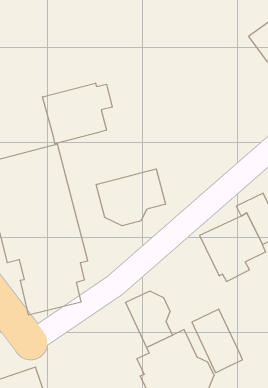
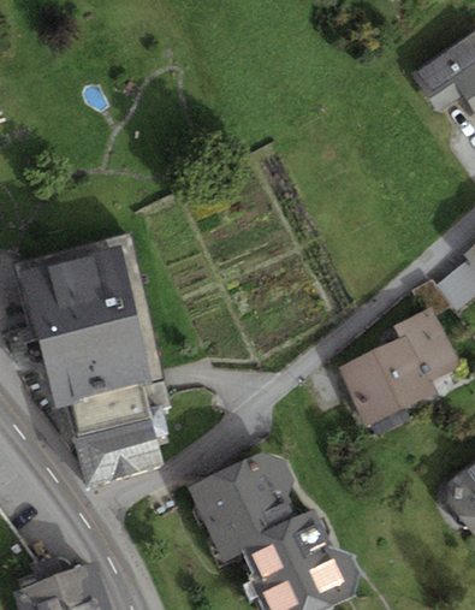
building: [42,83,112,144] -> none
building: [96,169,165,226] -> none
building: [192,309,242,373] -> [188,468,262,562]

